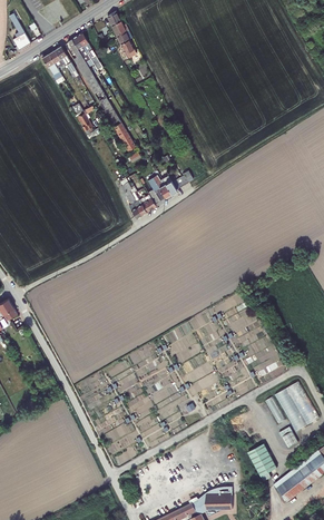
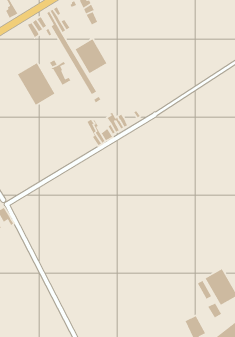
building: none -> [74,38,108,74]
building: none -> [17,62,56,106]

